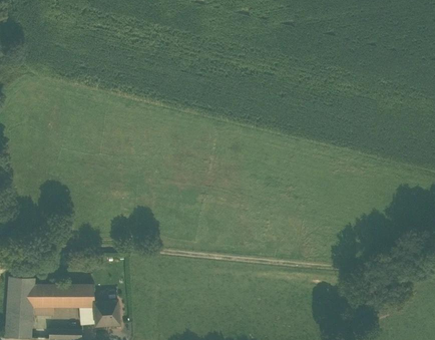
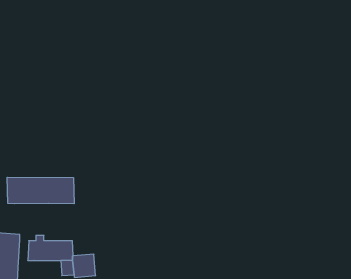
building: none -> [7,177,74,204]
building: [31,286,49,317] -> none

